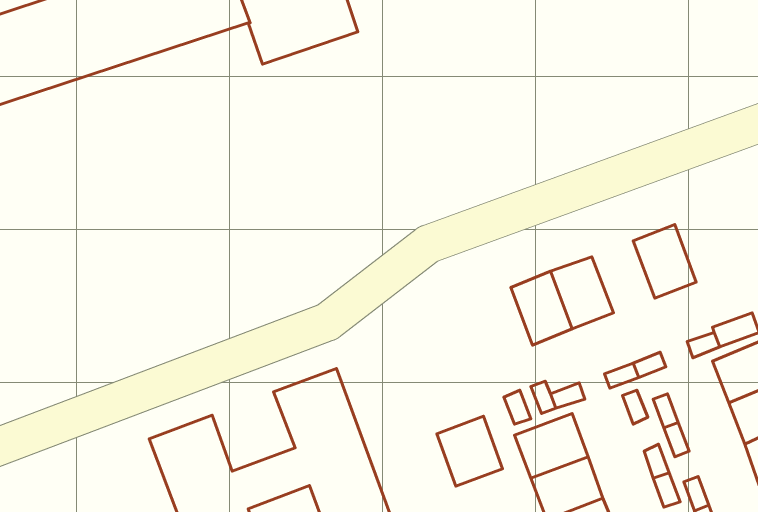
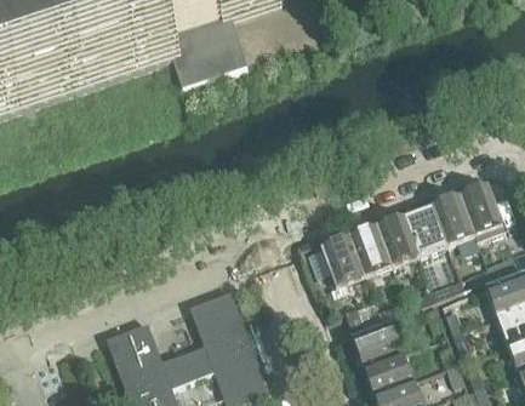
building: none -> [461,182,506,238]
building: none -> [405,204,447,252]
building: none -> [321,235,365,284]
building: [437,416,503,486] -> none

